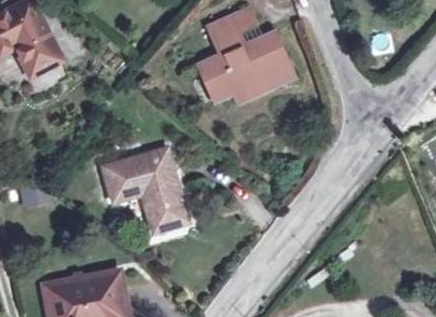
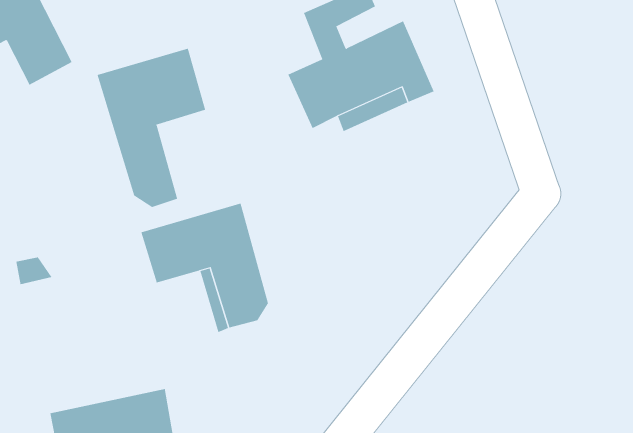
building: none -> [97,48,206,208]

